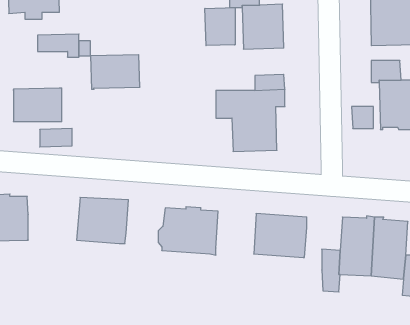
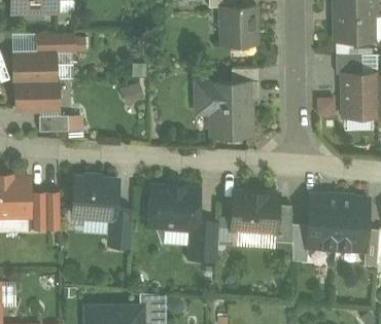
building: [205,8,235,46] -> none
building: [90,55,140,89] -> [12,51,57,82]
building: none -> [28,193,60,230]
building: none -> [274,205,291,243]
building: none -> [108,210,133,248]
building: none -> [189,223,218,261]

